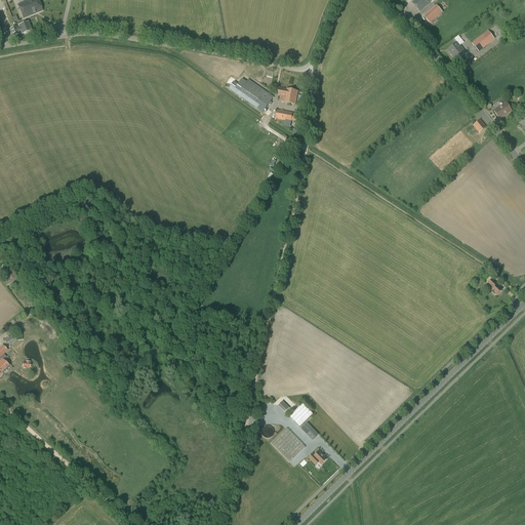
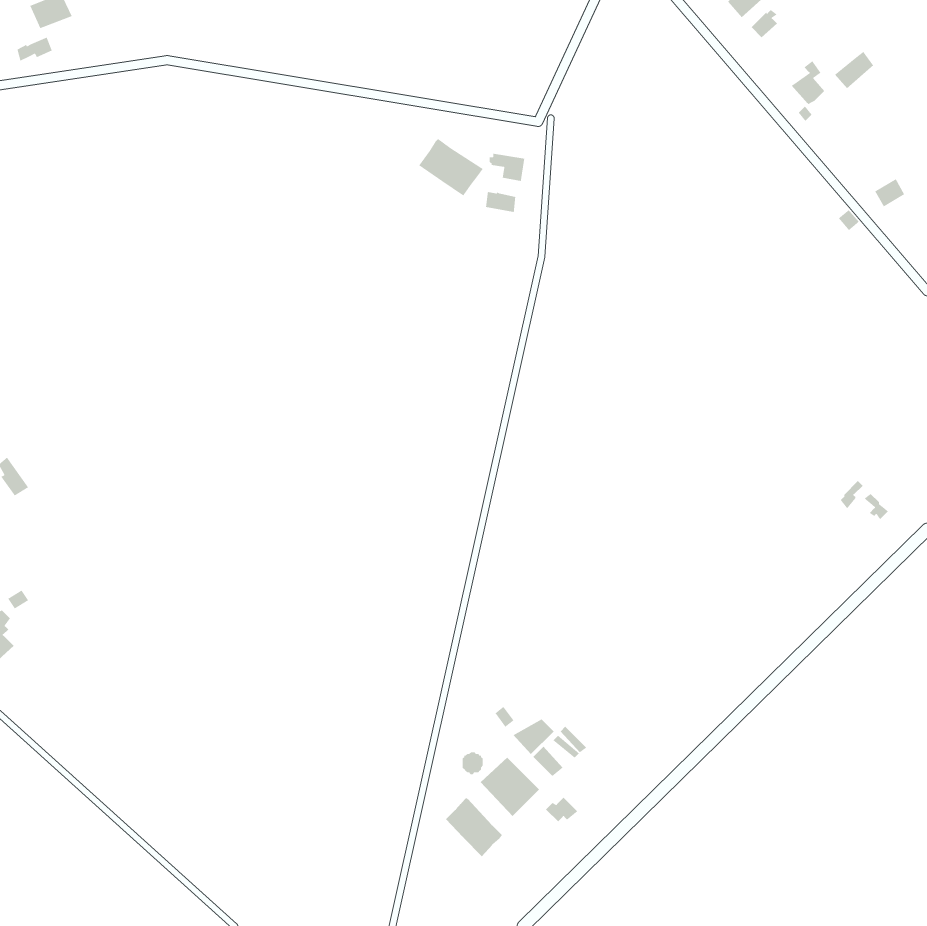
building: none -> [445,797,503,857]

